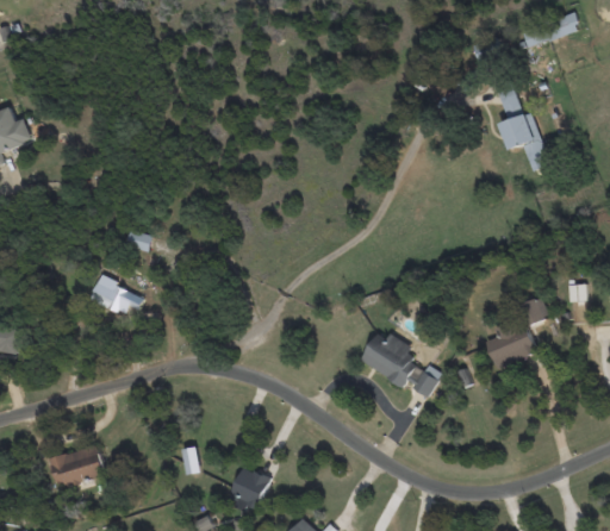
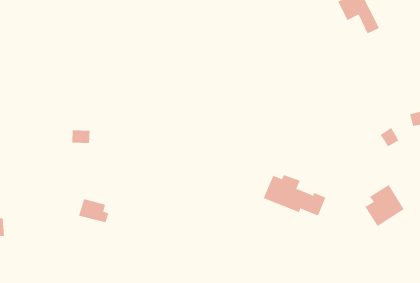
building: [88,276,129,313] -> [78,198,109,223]
building: [486,317,537,369] -> [365,184,404,227]

